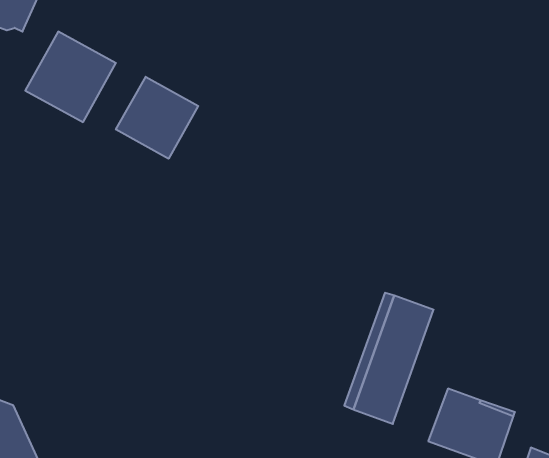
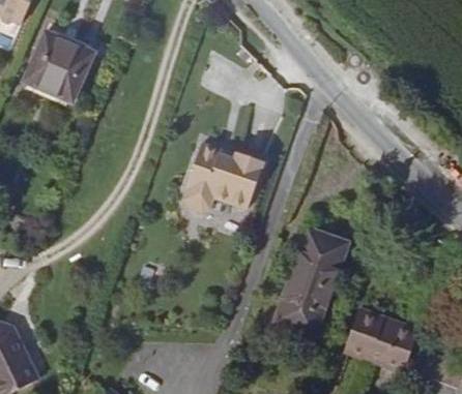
building: [116,77,198,159] -> none
building: none -> [187,138,267,208]

